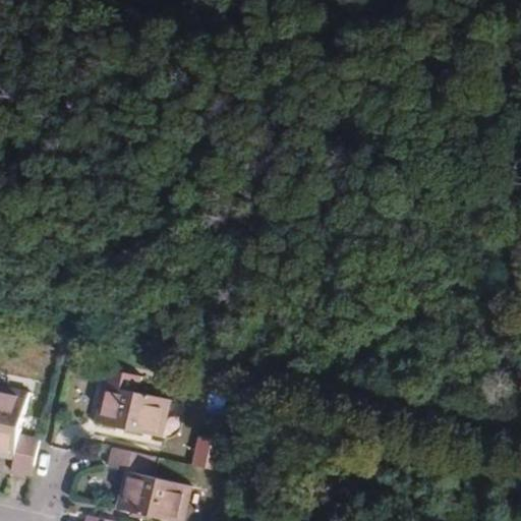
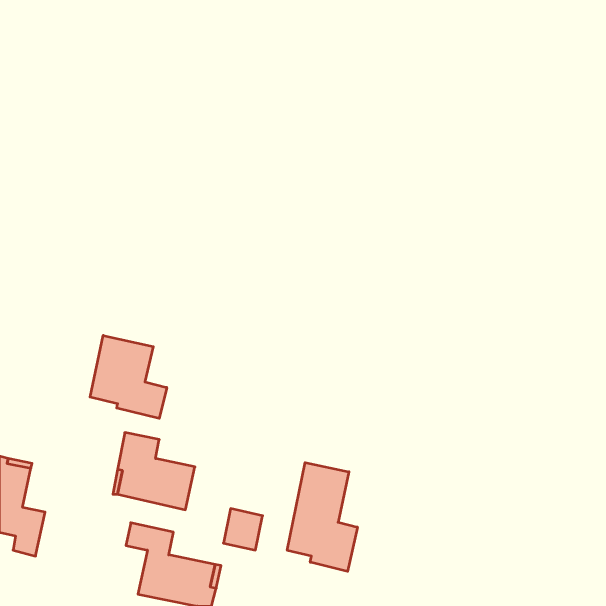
building: none -> [90,335,167,418]
building: none -> [287,463,357,571]

